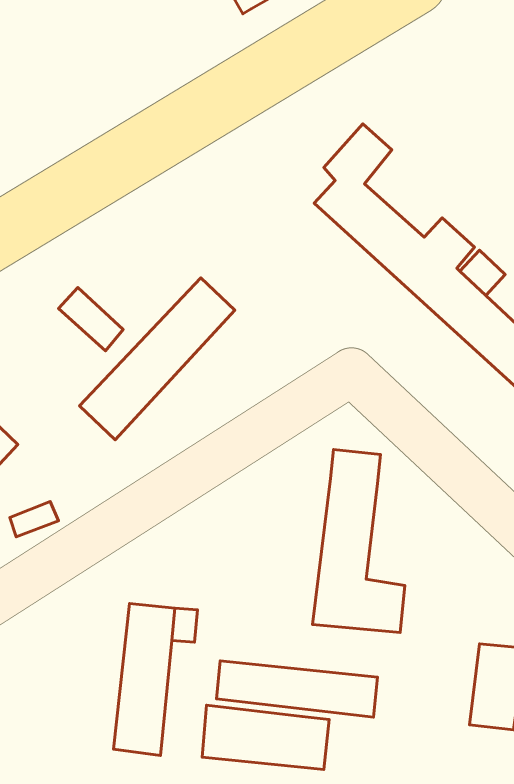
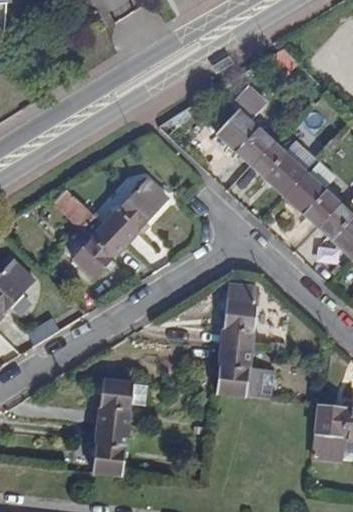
building: [216,661,377,717] -> none
building: [202,705,329,769] -> none

